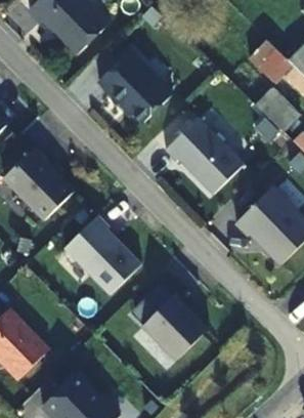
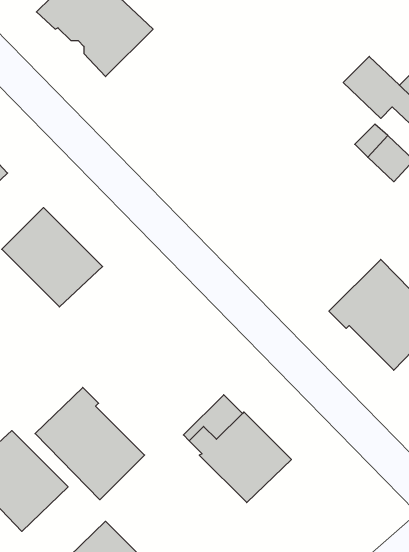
building: [98,50,172,122] -> none
building: [165,117,245,195] -> none
building: [64,215,142,295] -> [35,387,145,500]

